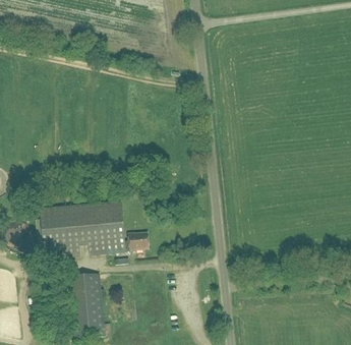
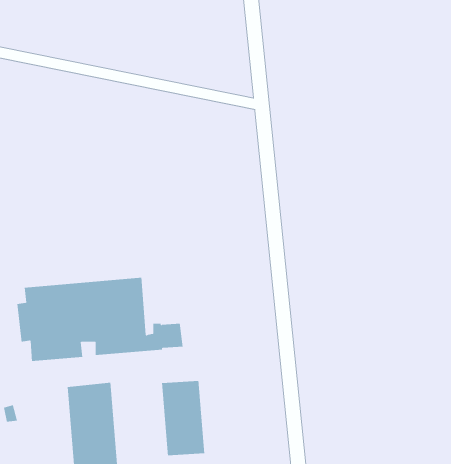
building: none -> [161,380,205,456]

